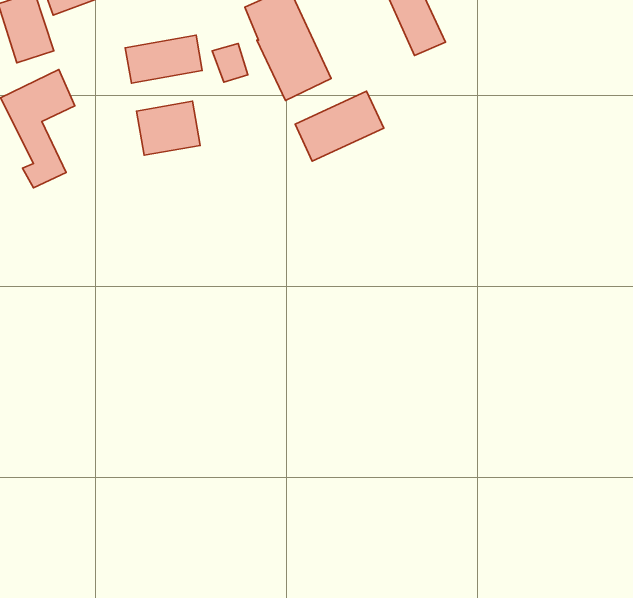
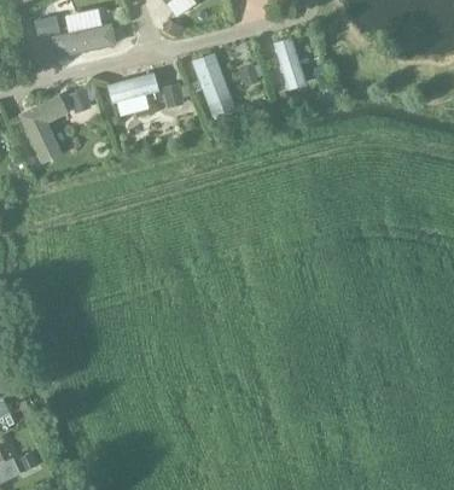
building: [295,91,384,161] -> none
building: [136,101,200,155] -> none

